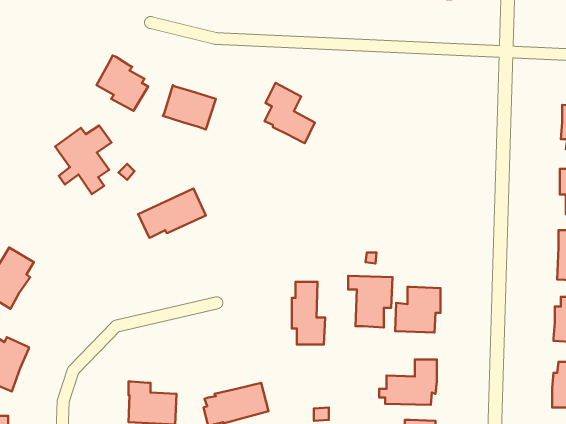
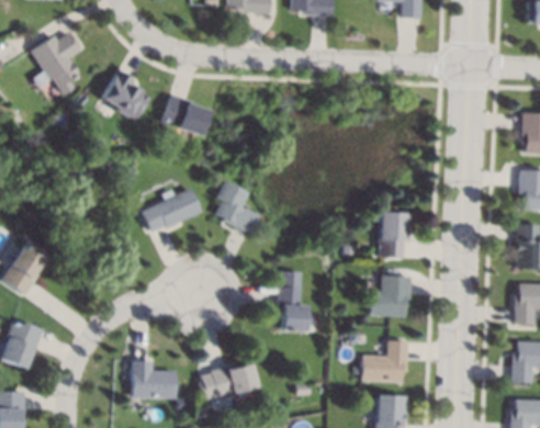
building: [264,83,315,143] -> [215,180,260,234]
building: [55,125,112,194] -> [31,33,81,94]
building: [348,276,393,327] -> [371,211,410,257]

